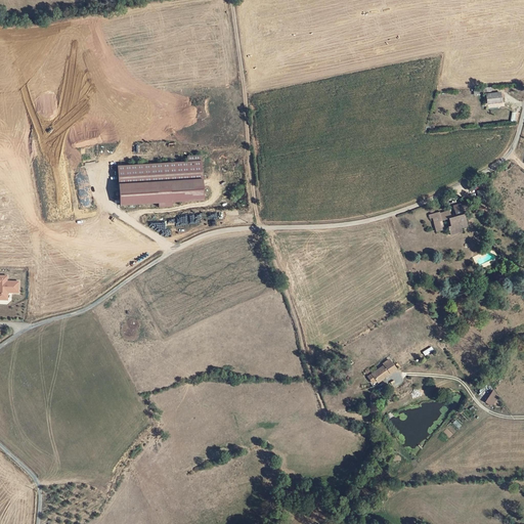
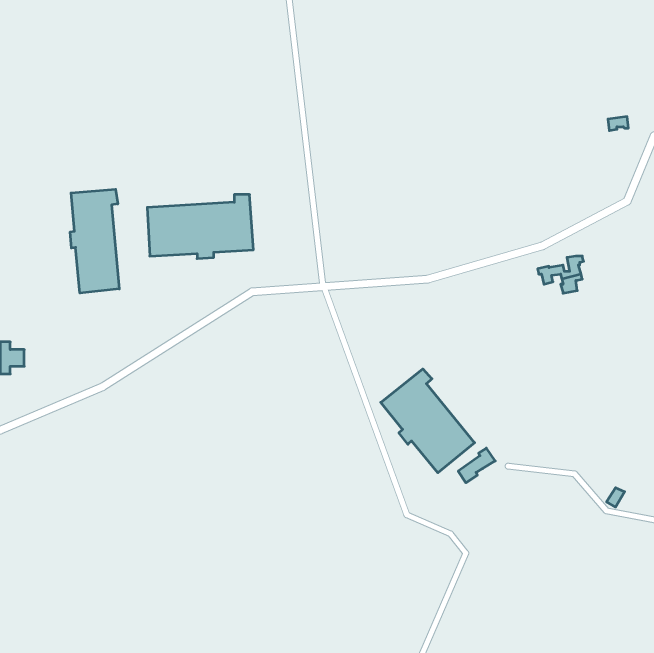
building: none -> [70,189,119,293]
building: none -> [381,369,475,473]

